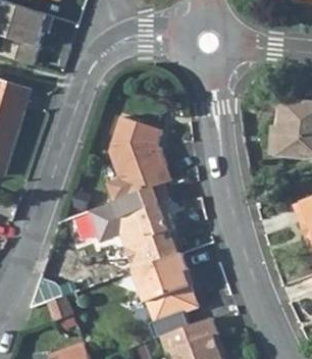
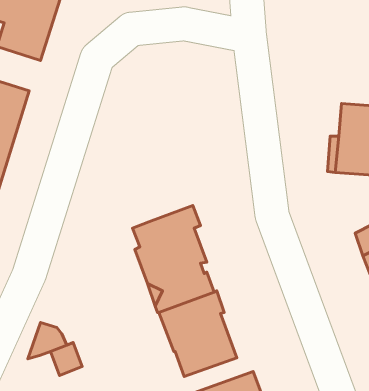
building: [109,115,171,196] -> none

